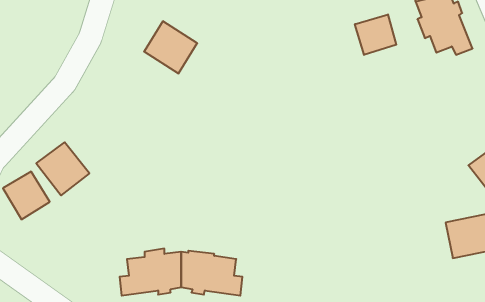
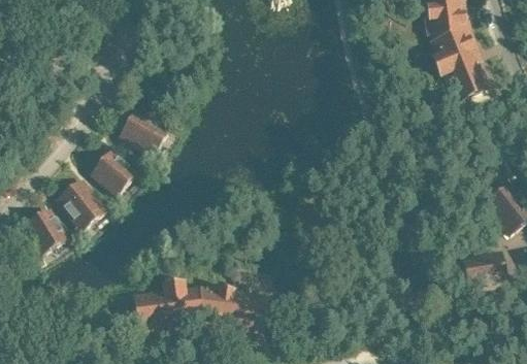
building: [355,14,396,55] -> none
building: [144,21,197,73] -> [119,105,171,157]
building: none -> [90,148,137,195]

